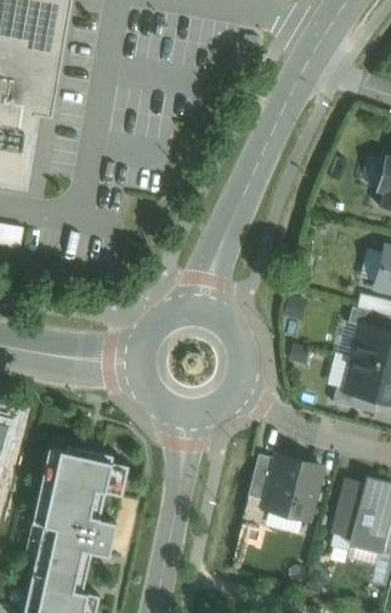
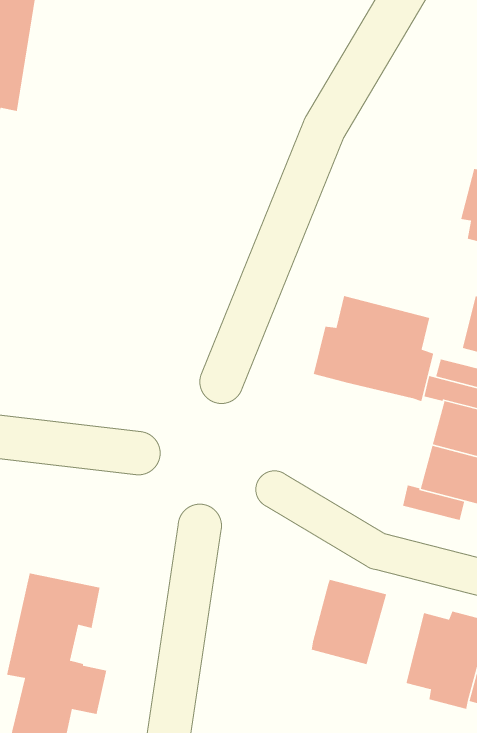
building: none -> [313,295,434,402]
building: [248,455,277,501] -> none

